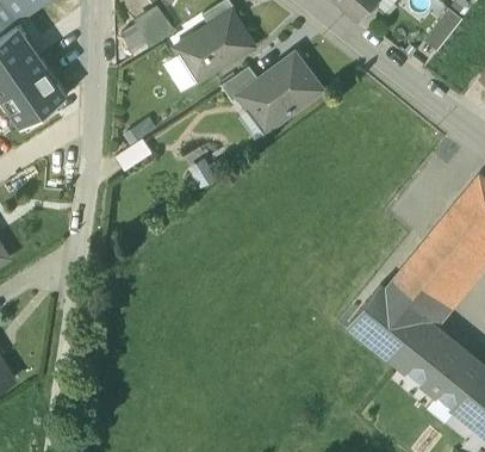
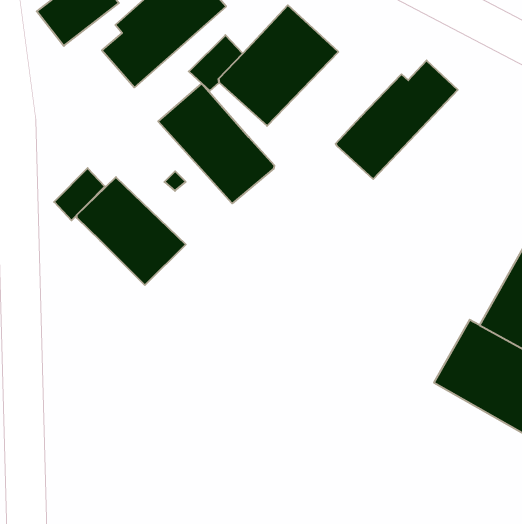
building: none -> [158,84,274,203]
building: none -> [336,60,458,179]
building: none -> [77,177,186,285]

